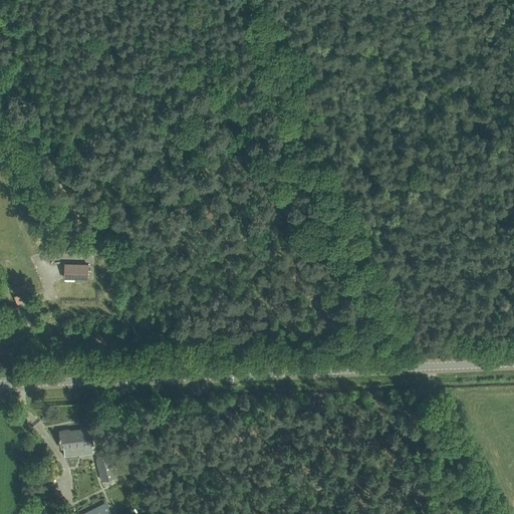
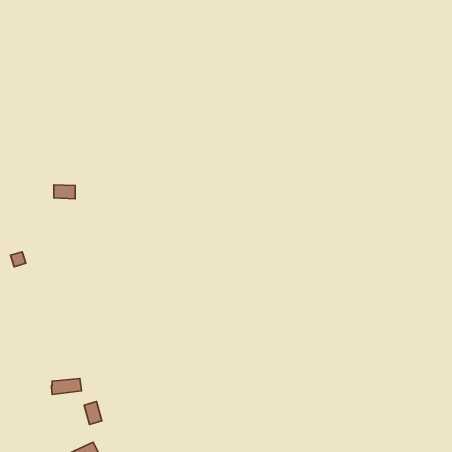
building: [63,264,87,280] -> [54,185,75,199]

